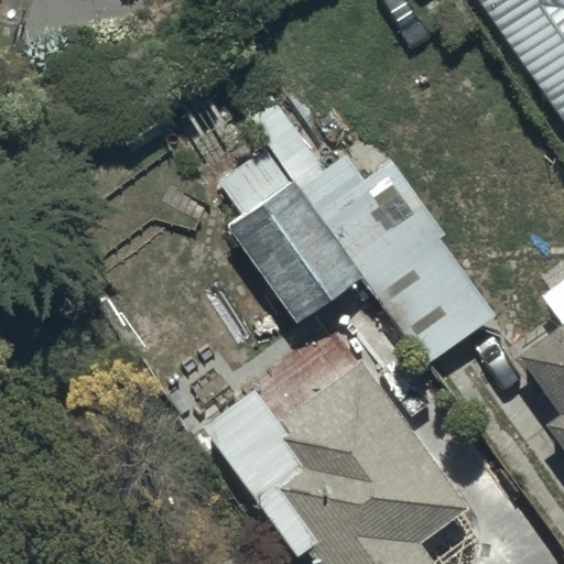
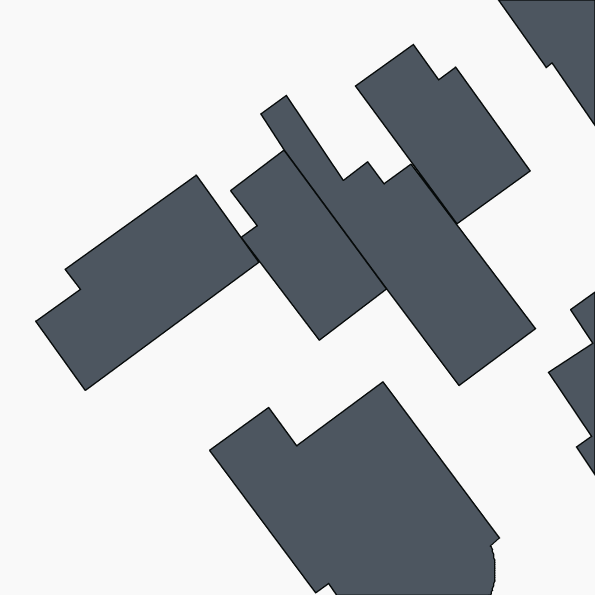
building: none -> [355,44,530,224]
building: none -> [36,175,259,390]

